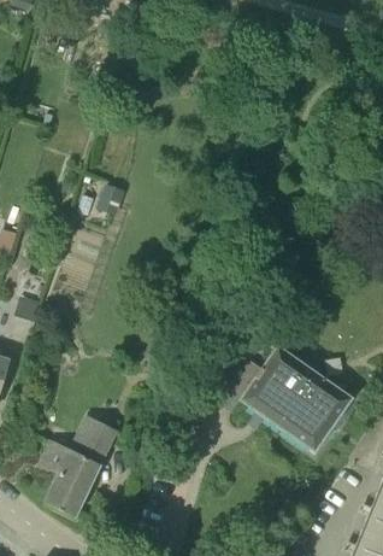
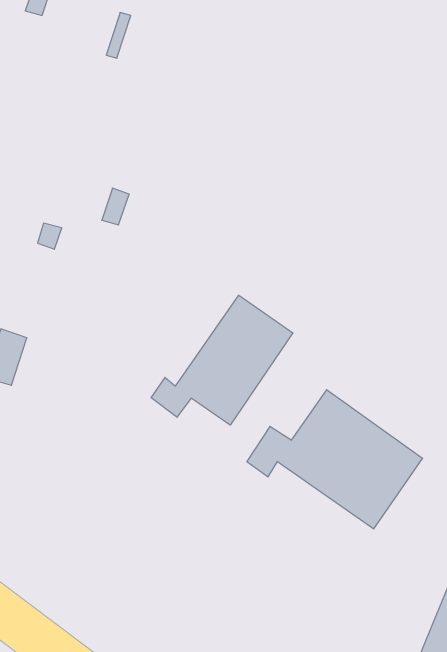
building: none -> [151,295,293,425]
building: [39,419,118,520] -> none

